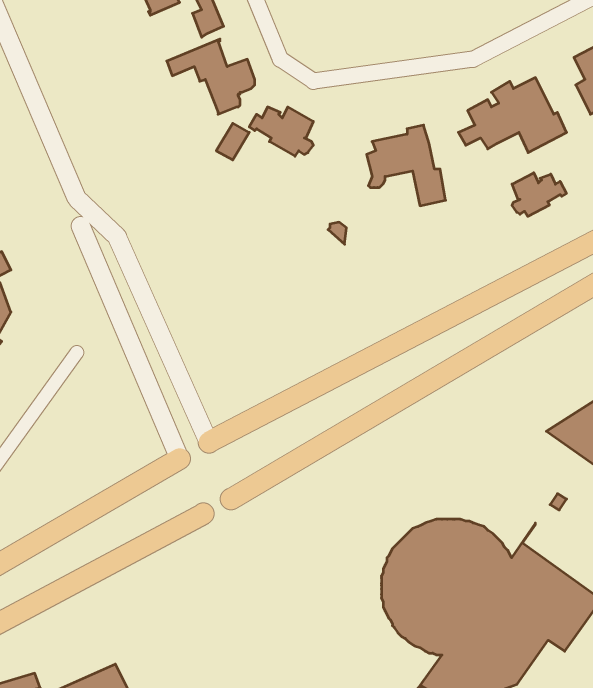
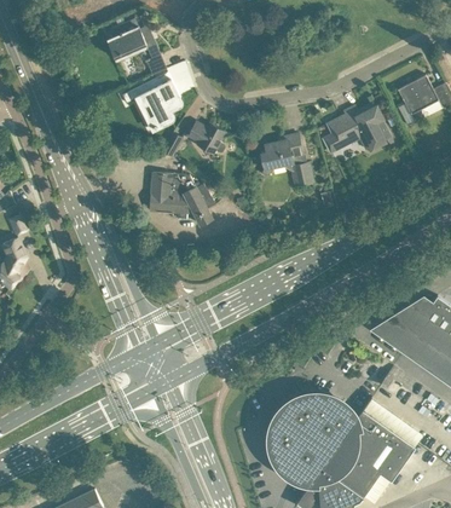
building: [512,173,566,216] -> none
building: none -> [149,172,215,225]

